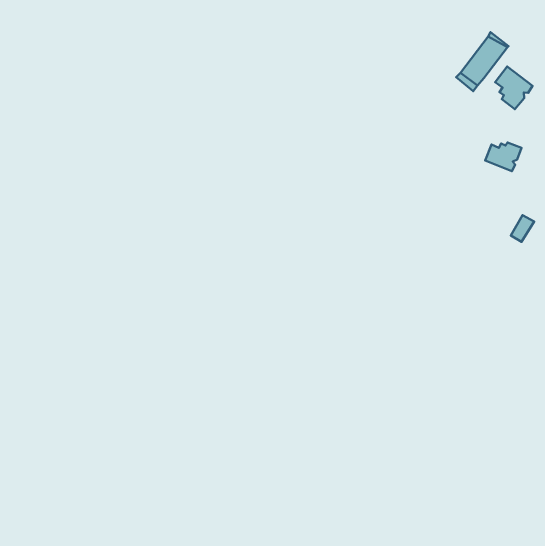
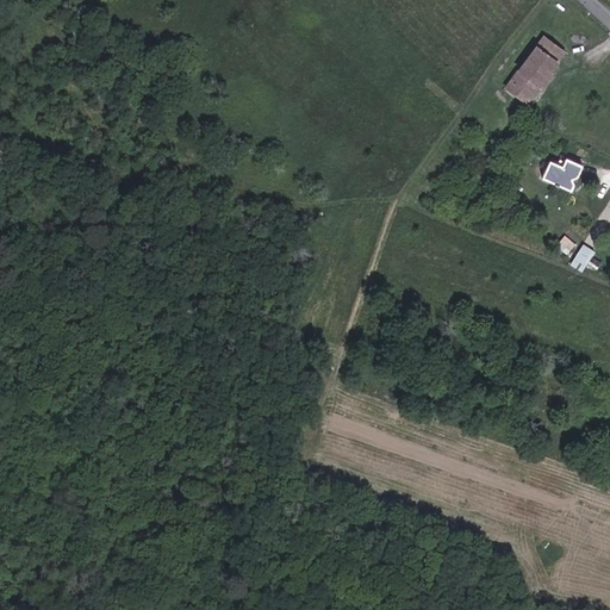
building: [495,66,533,109] -> none

